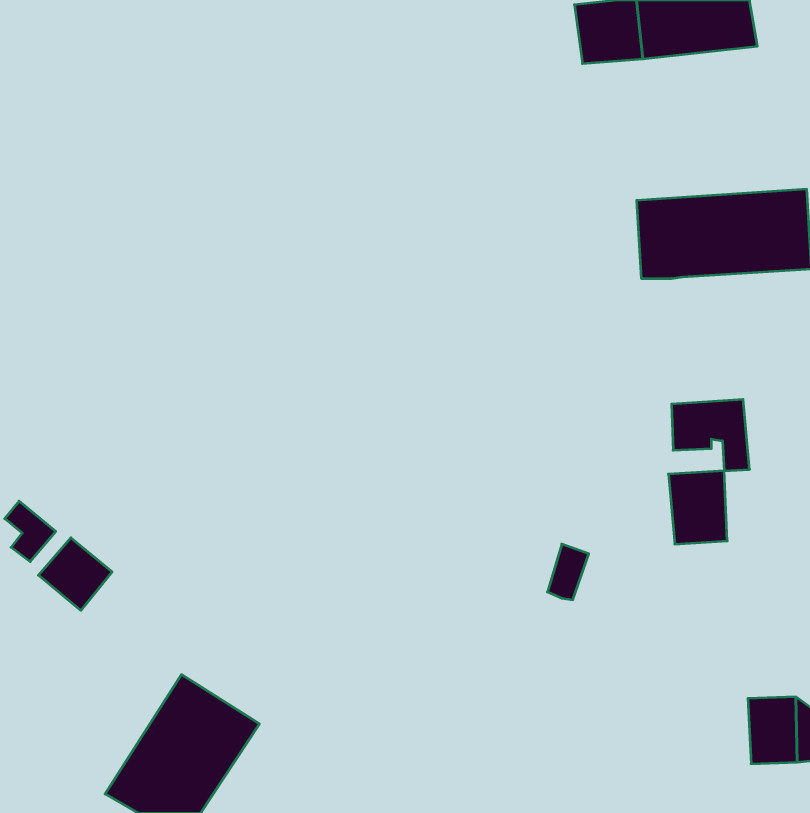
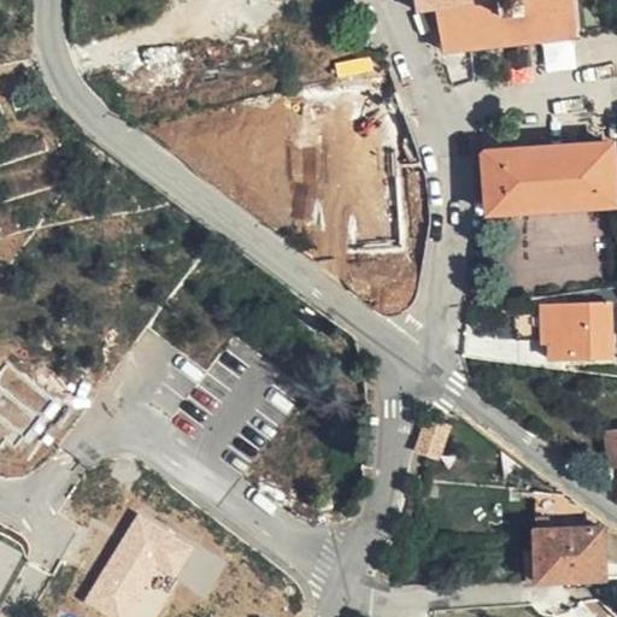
building: [668,471,727,544] -> [565,300,610,355]
building: [38,538,112,610] -> none
building: none -> [528,518,571,580]

